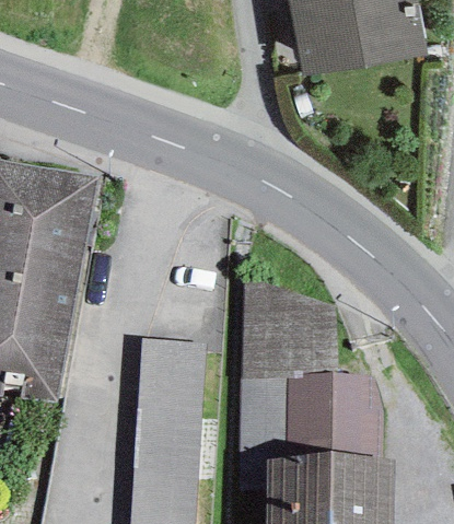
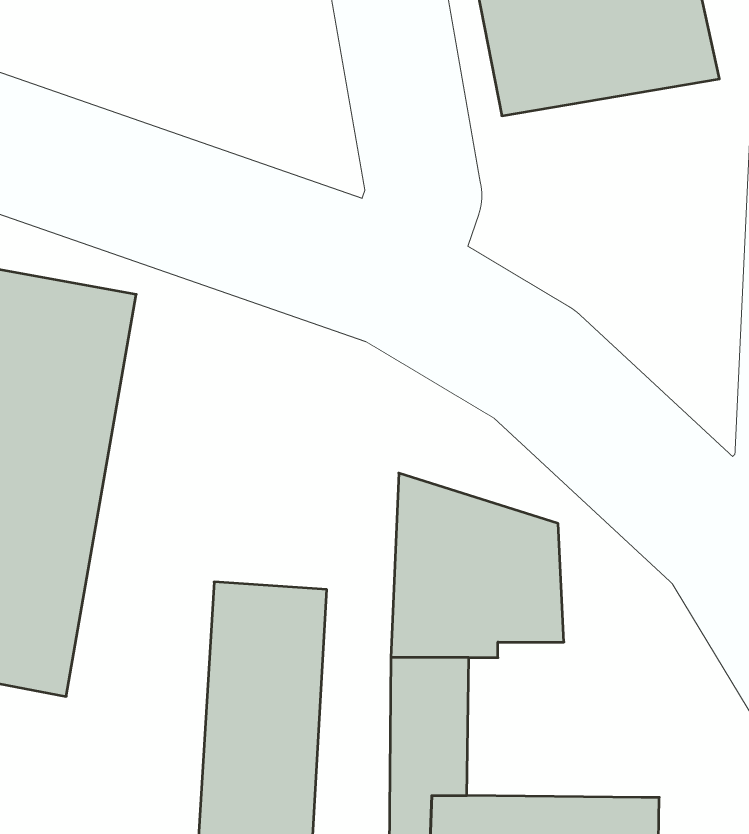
building: [283,373,383,461] -> none

